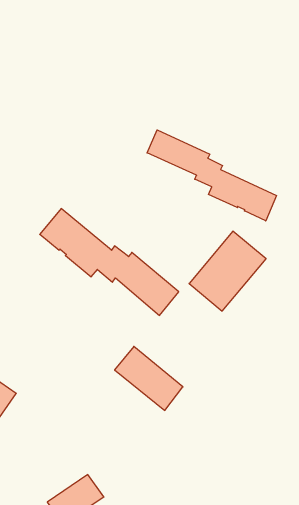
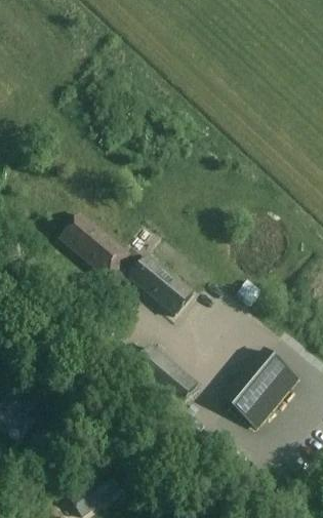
building: [147,130,276,221] -> none
building: [189,231,266,311] -> [225,350,298,427]

